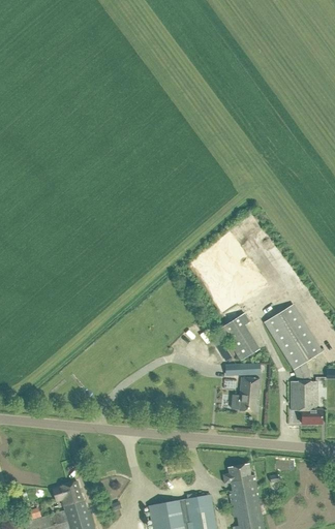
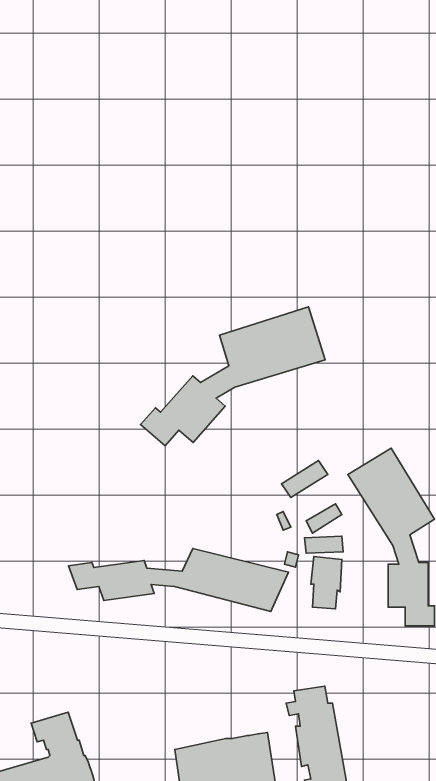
building: none -> [141,307,325,446]
building: none -> [68,548,289,612]

